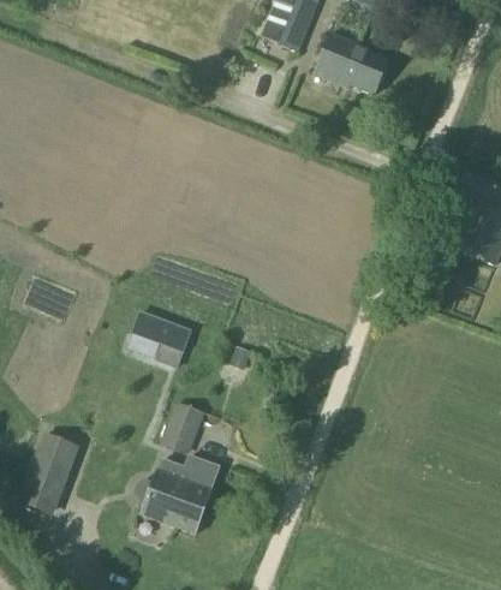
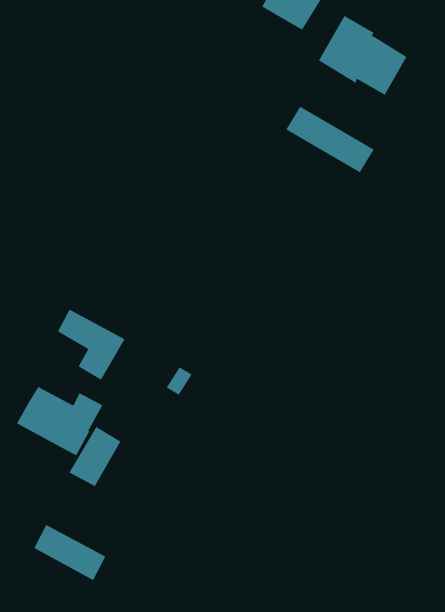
building: none -> [285,106,374,173]
building: [149,459,219,512] -> [16,386,103,456]

